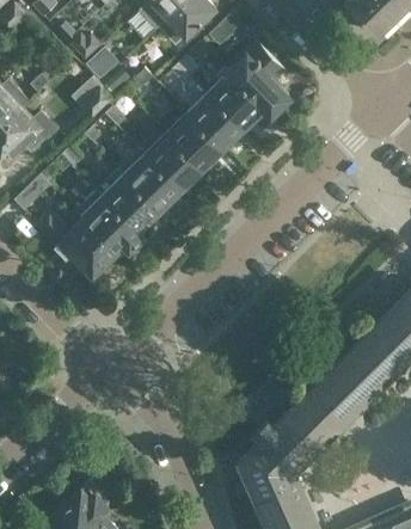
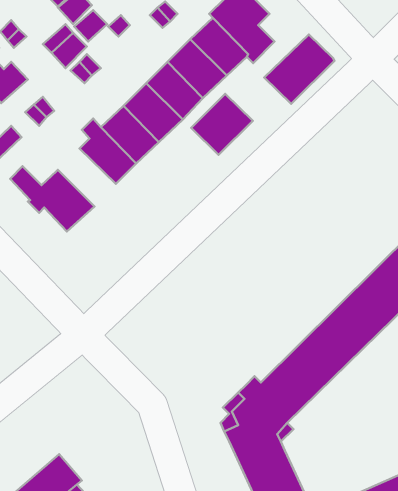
building: none -> [264,34,334,104]
building: none -> [191,94,253,155]
building: [78,189,146,252] -> none

